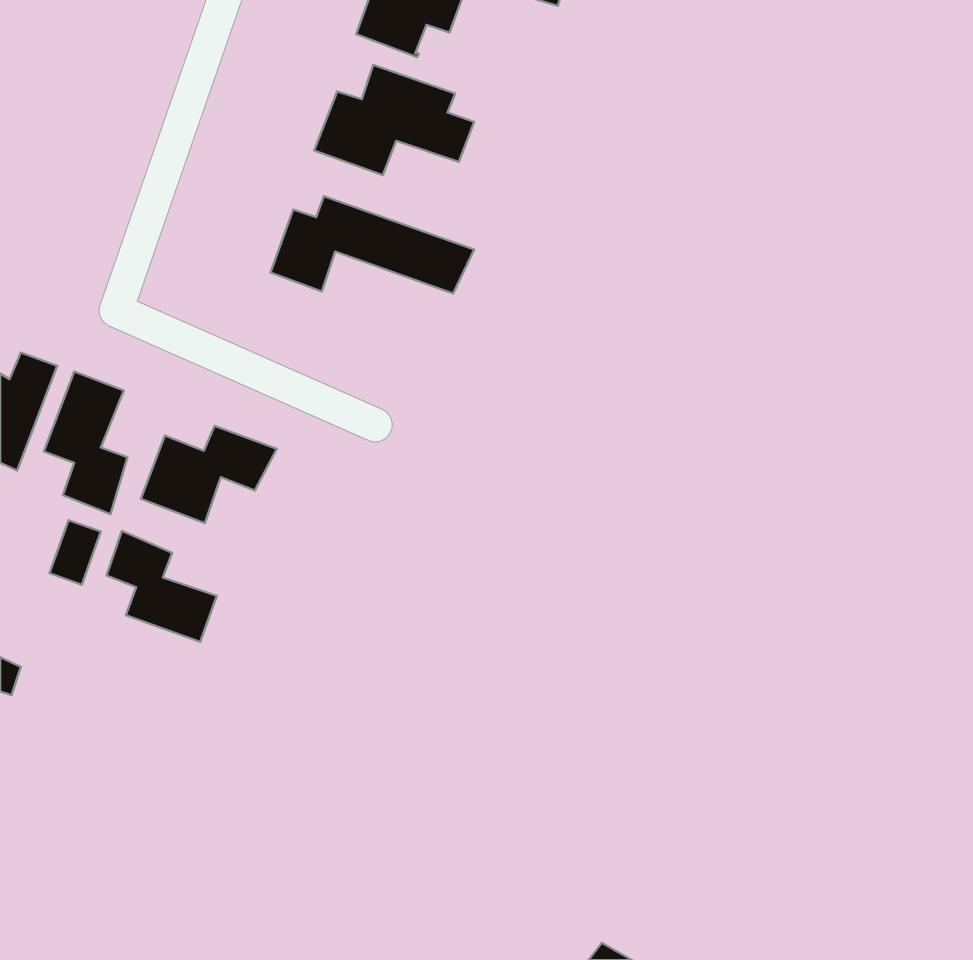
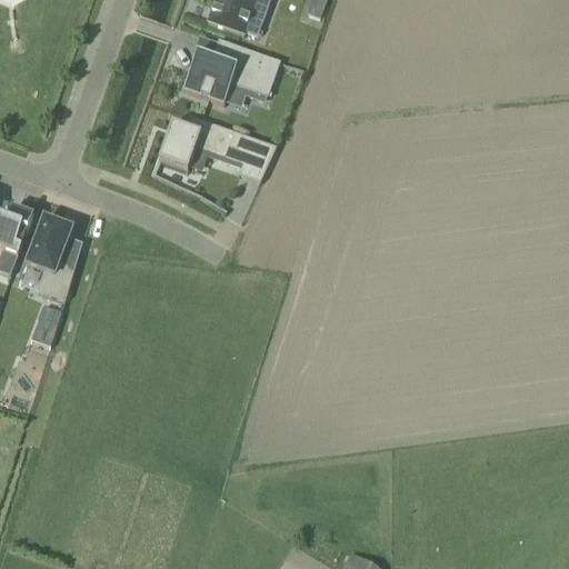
building: [141,426,277,523] -> none
building: [106,531,217,642] -> none

